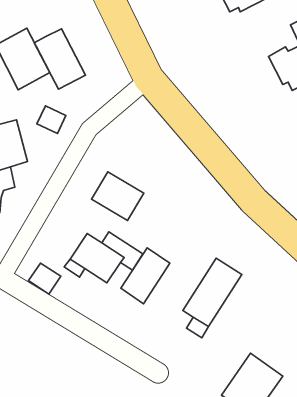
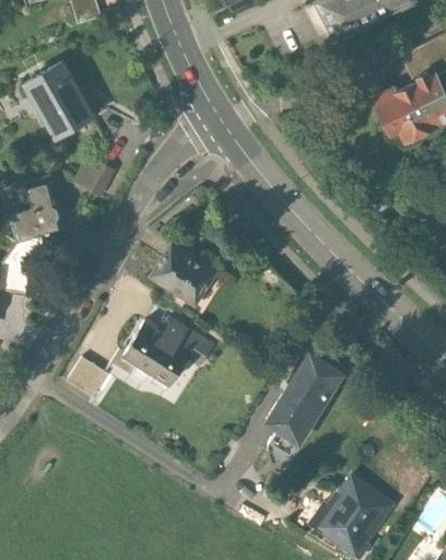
building: [34,29,85,89] -> none
building: [121,248,170,304] -> none

